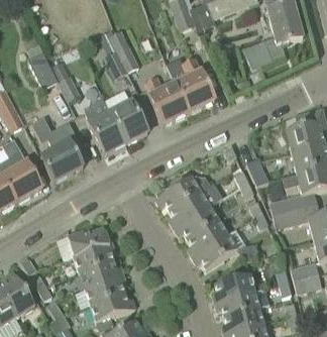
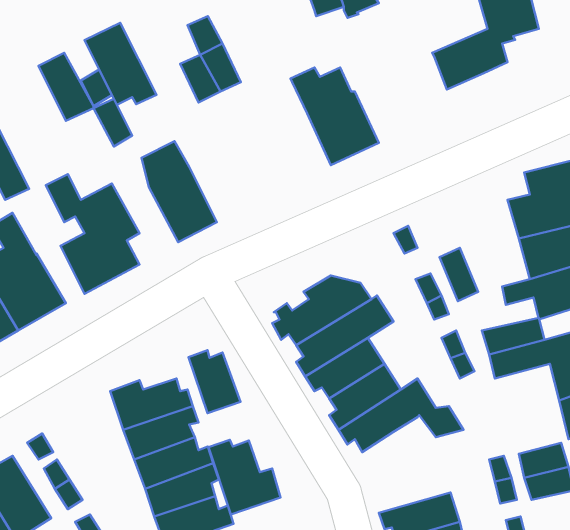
building: none -> [84,23,157,105]
building: [143,75,188,123] -> none
building: [110,101,147,142] -> none
building: none -> [188,350,241,413]
building: none -> [209,440,281,514]
building: [212,269,253,302] -> none

